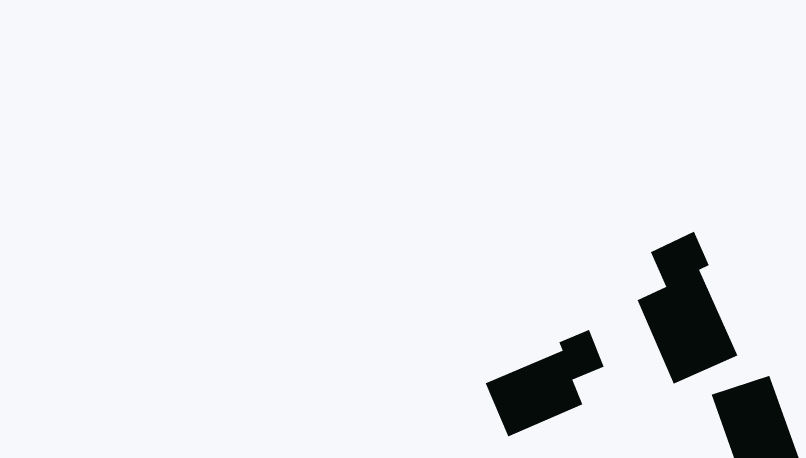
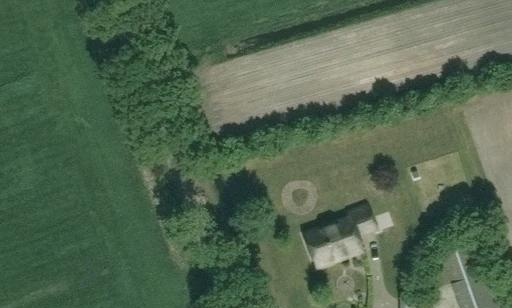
building: [637,231,738,384] -> none

